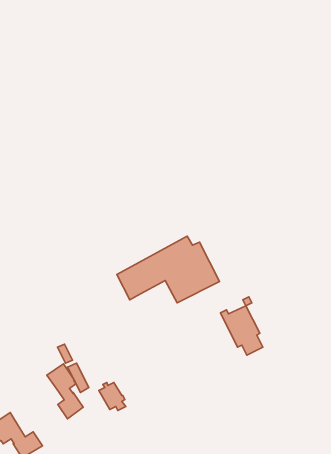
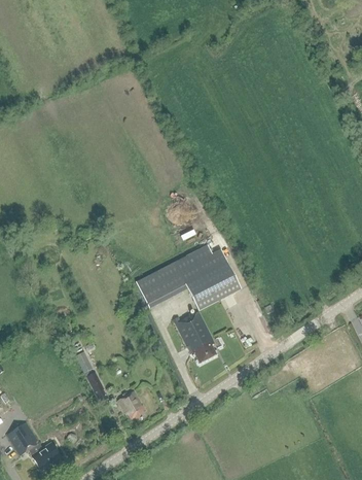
building: [221,306,263,355] -> [172,311,215,362]
building: [47,364,83,419] -> none

